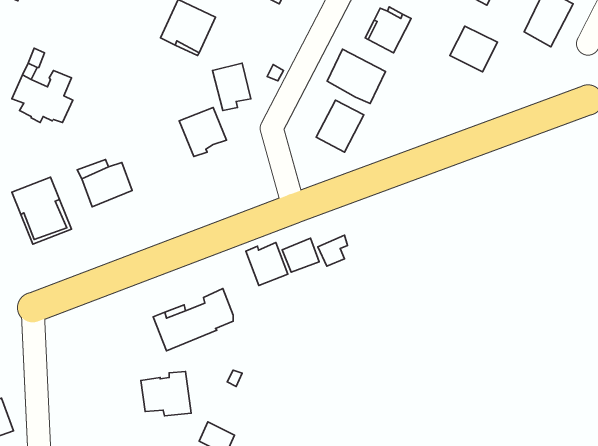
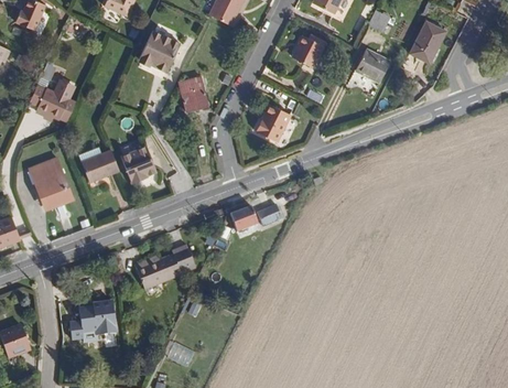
building: [327,49,385,104] -> none
building: [179,108,227,156] -> [121,147,156,183]
building: [246,242,288,286] -> none
building: [141,371,191,416] -> [79,302,117,335]

